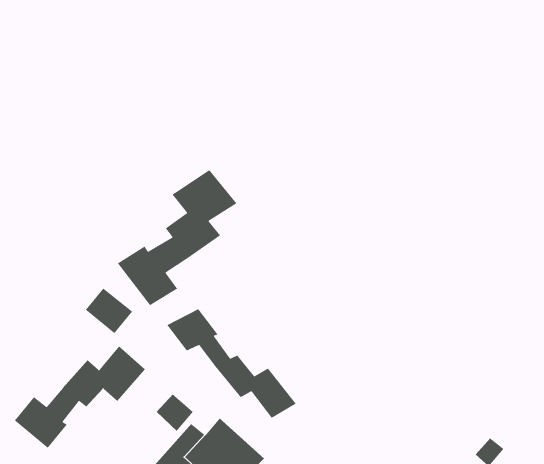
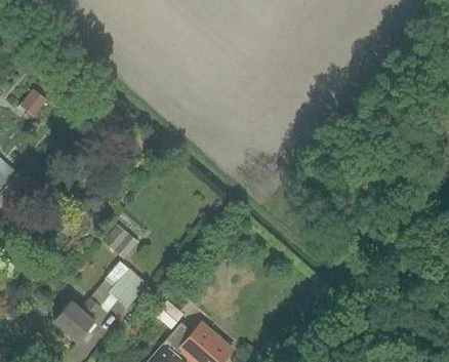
building: [117,169,238,306] -> none
building: [166,308,297,419] -> none

